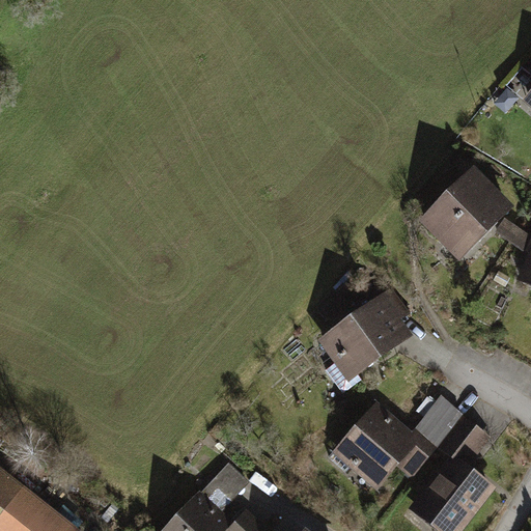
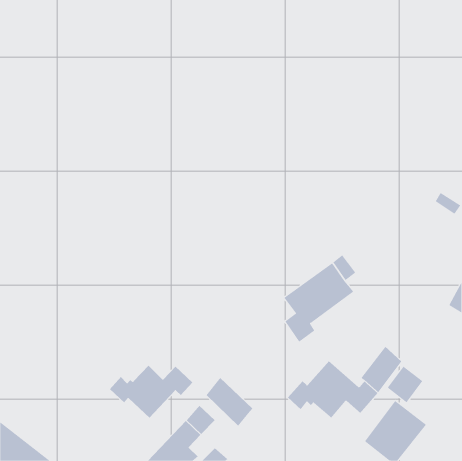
building: [426,177,506,250] -> none
building: none -> [109,365,193,418]
building: none -> [206,377,253,427]

